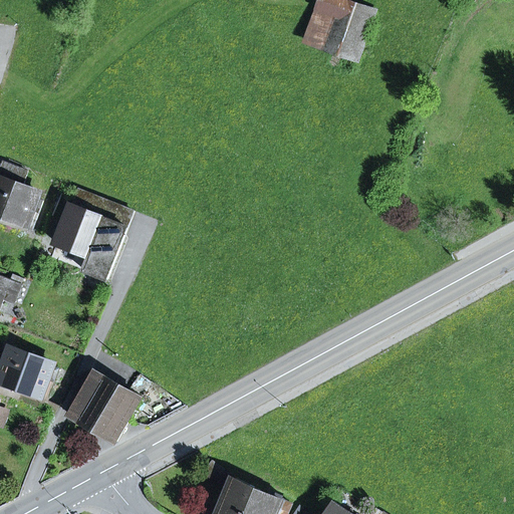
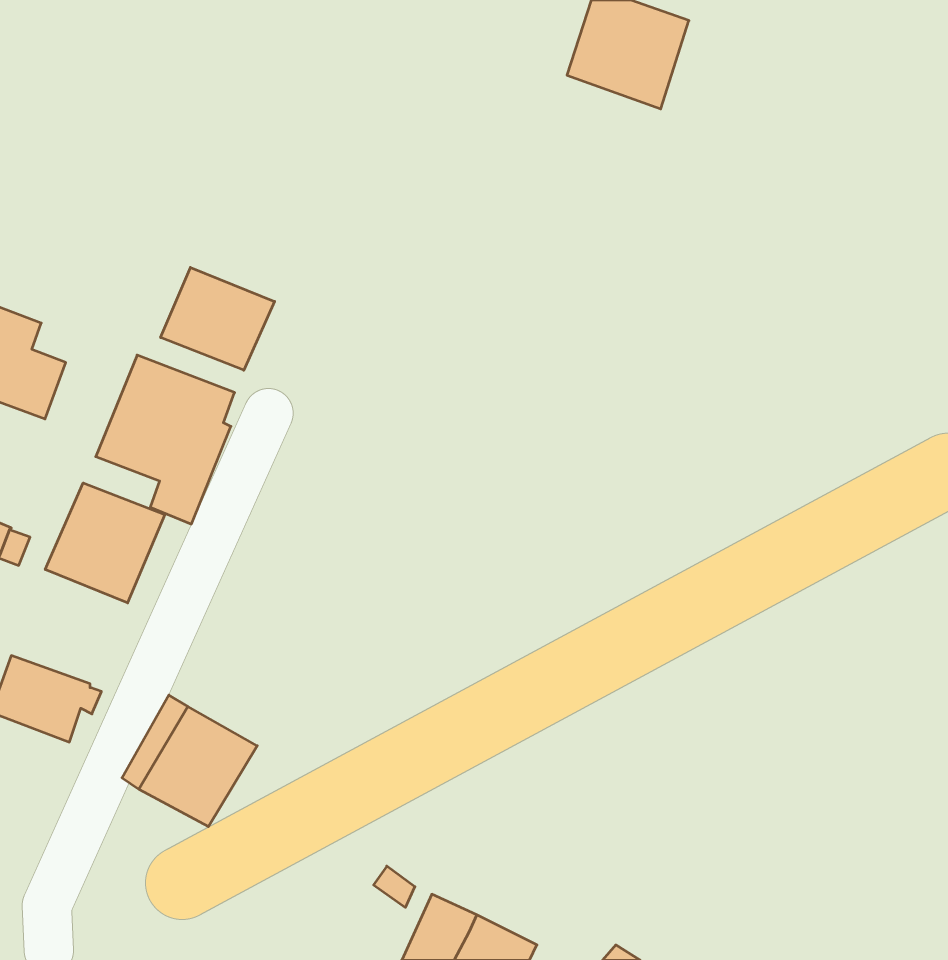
building: none -> [161,267,275,370]
building: none -> [45,483,165,603]

